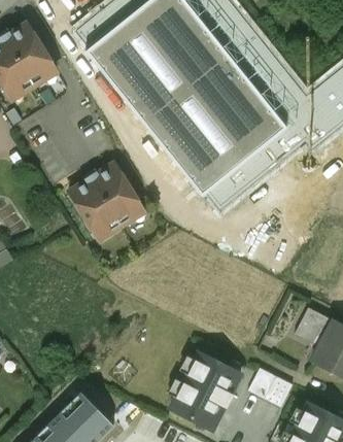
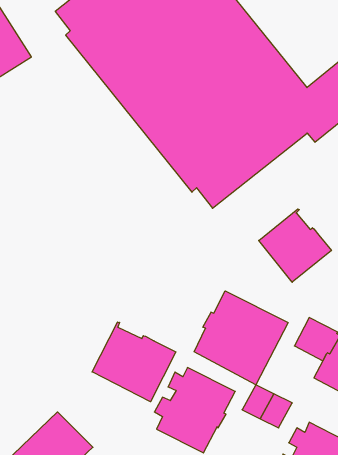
building: [69,162,145,240] -> none
building: none -> [259,209,331,282]
building: none -> [194,291,288,385]
building: none -> [92,322,176,402]

